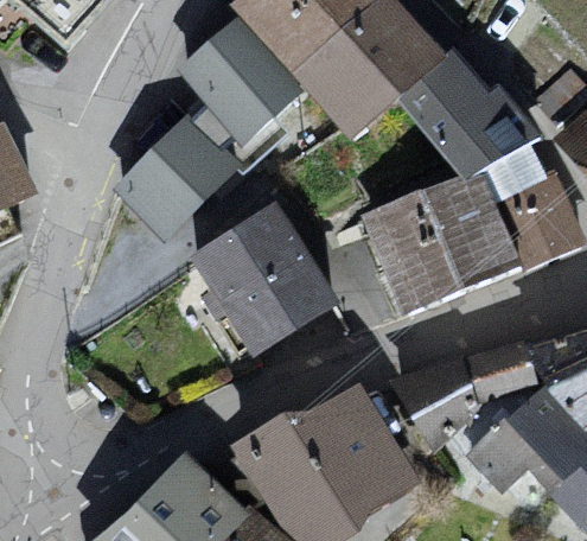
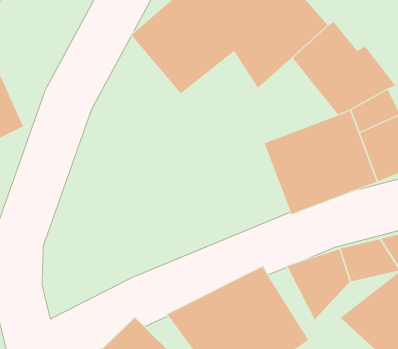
building: [113,113,237,238] -> none
building: [189,199,339,355] -> none

